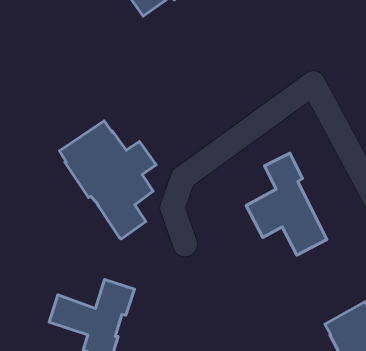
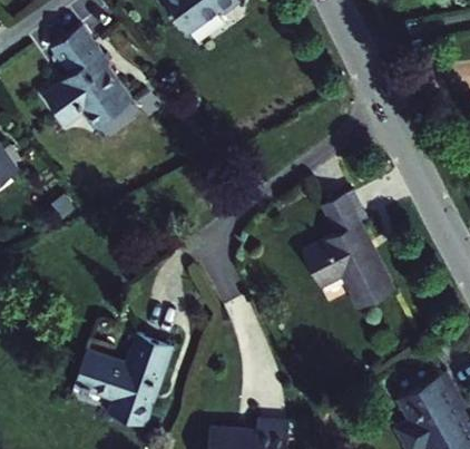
building: none -> [41,26,133,129]
building: [60,121,156,239] -> none

